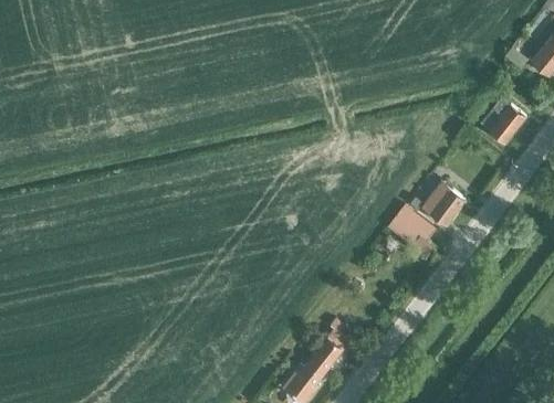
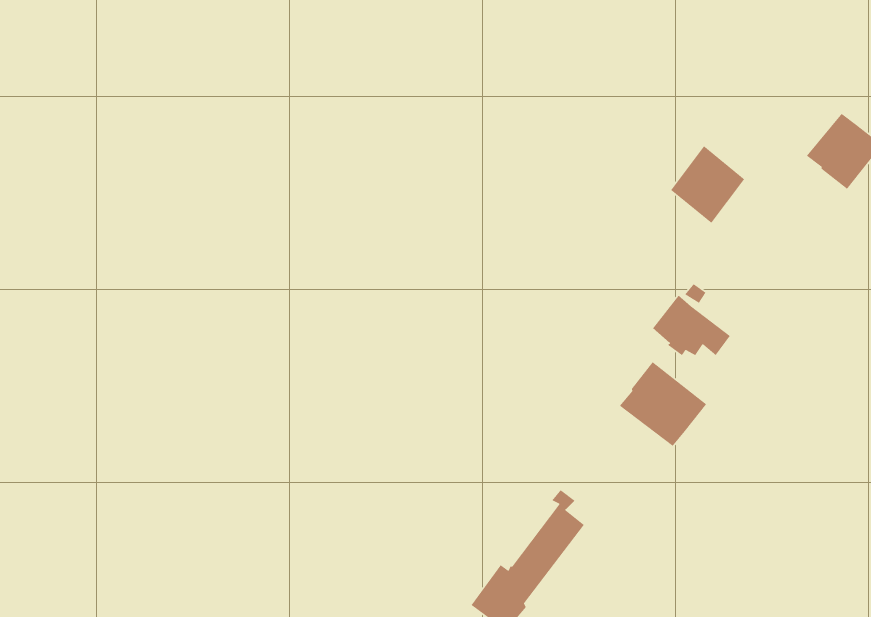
building: [421,181,466,227] -> [670,145,745,224]
building: none -> [619,361,707,447]

